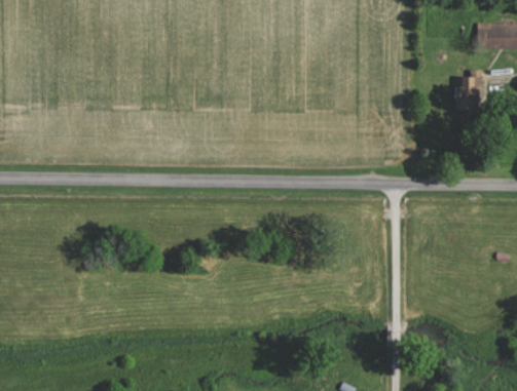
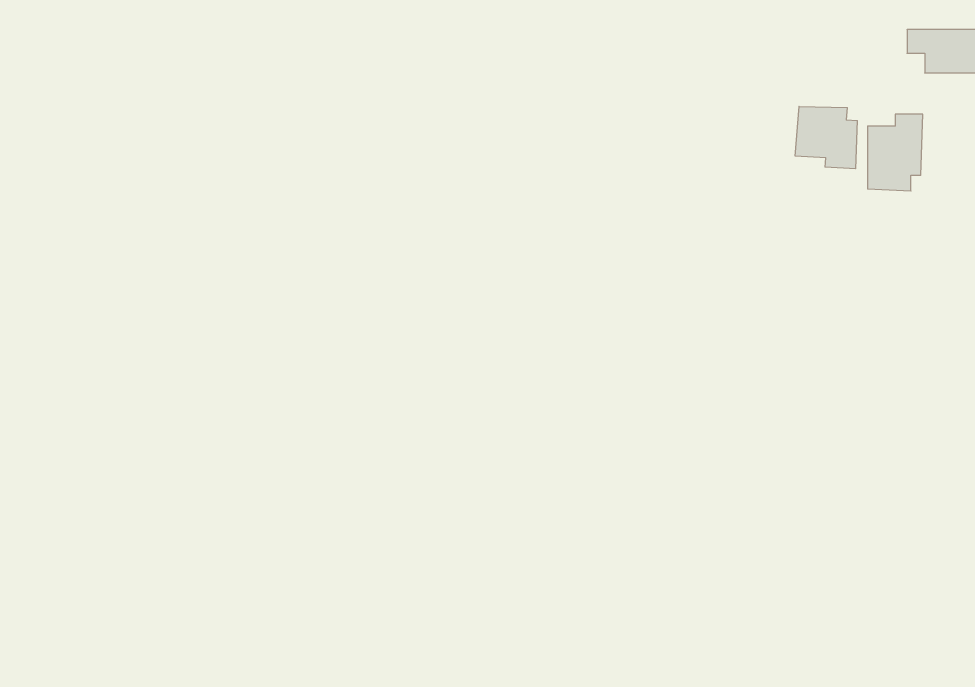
building: none -> [795,106,857,169]

